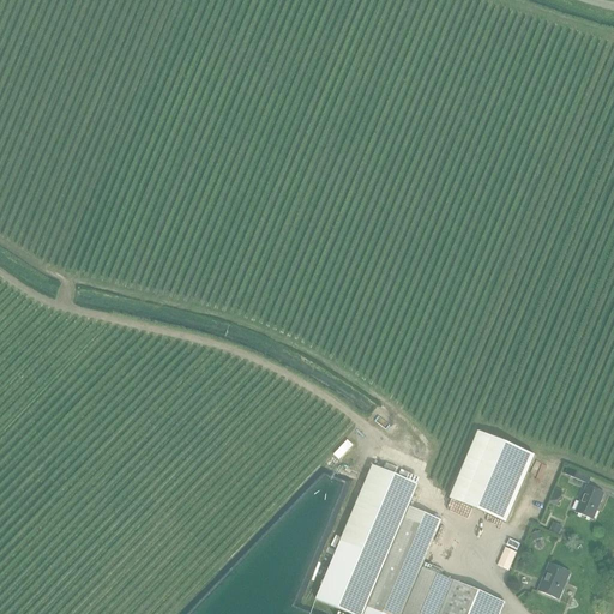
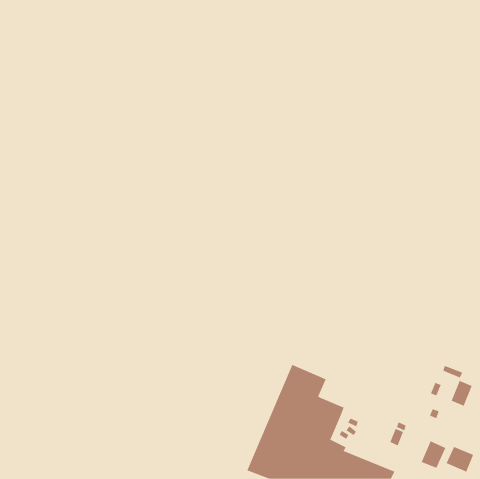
building: [449,431,534,522] -> none
building: none -> [446,446,474,472]

